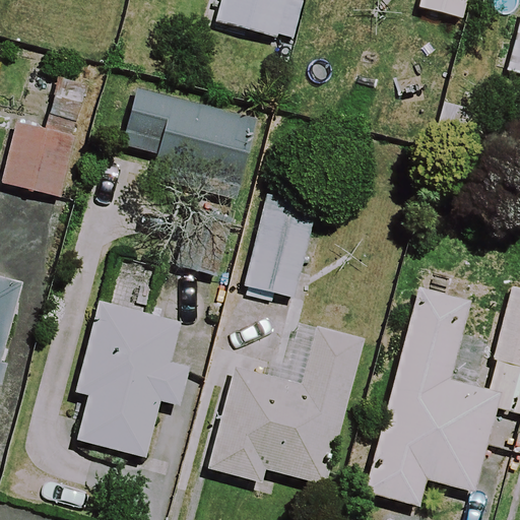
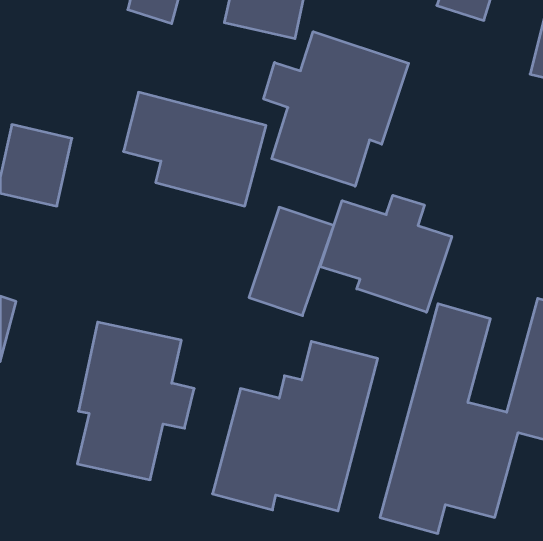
building: none -> [264,32,409,186]
building: none -> [320,195,452,312]

